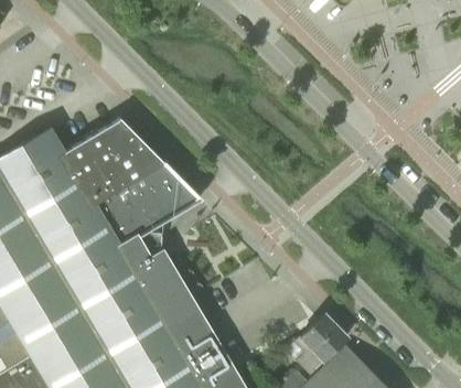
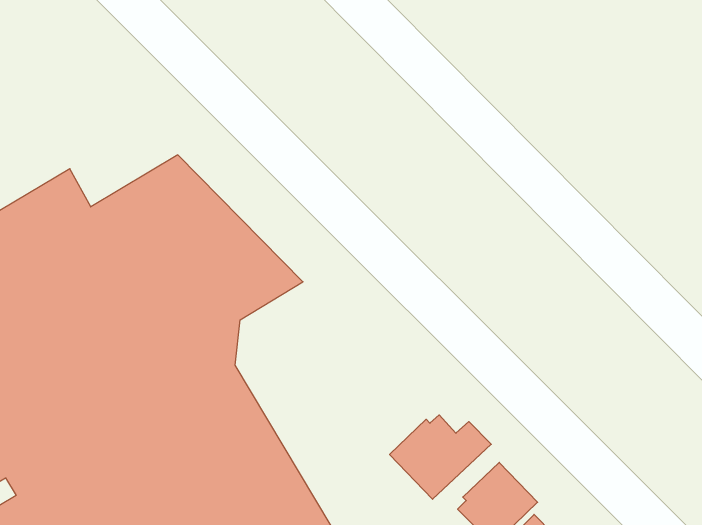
building: none -> [390,415,491,499]

